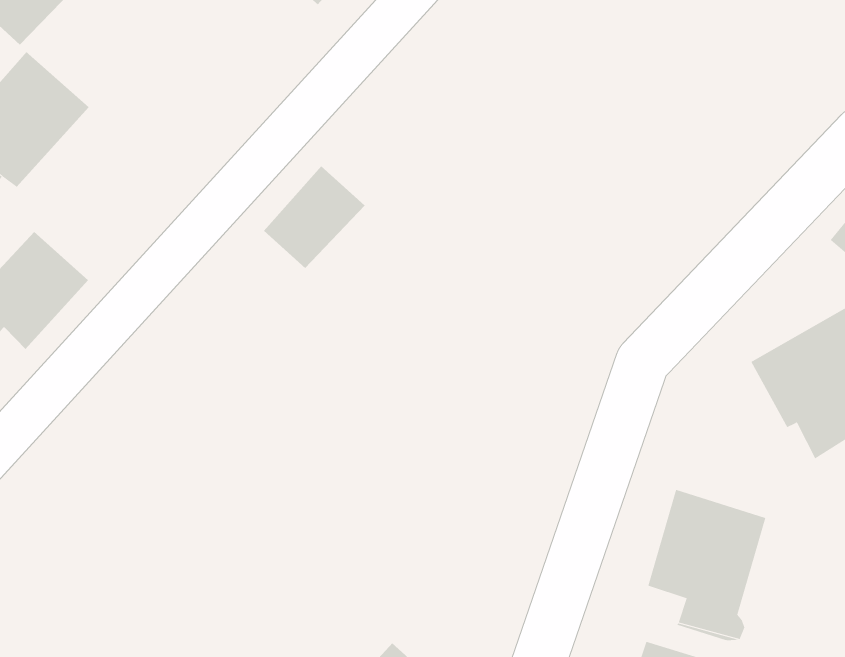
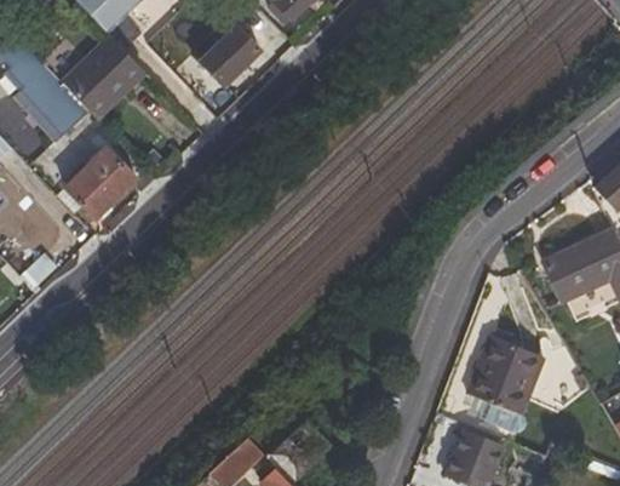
building: [263,166,365,269] -> [199,24,263,87]

